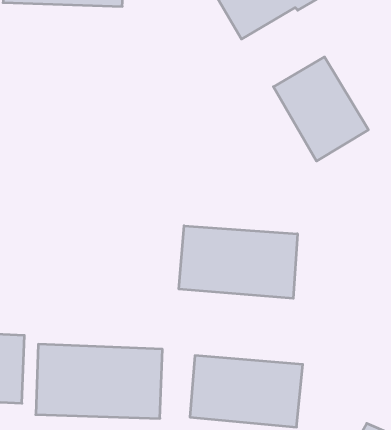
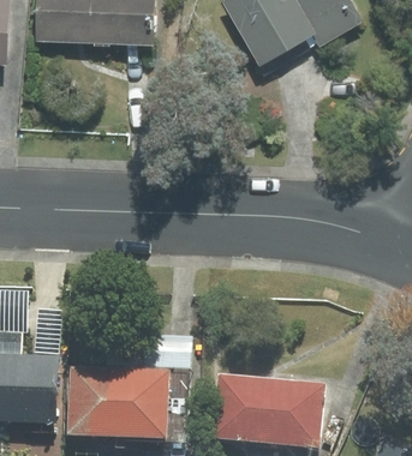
building: [273,57,368,161] -> none
building: [179,226,297,298] -> none

